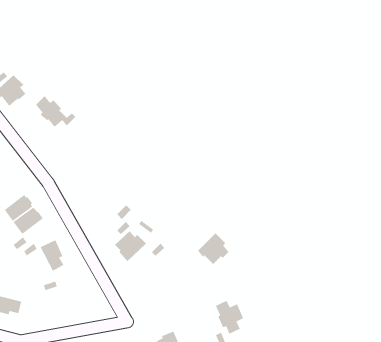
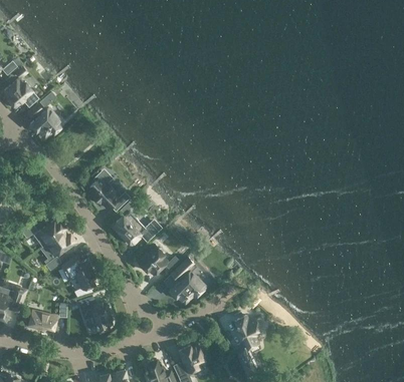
building: [35,95,76,128] -> [89,177,128,208]
building: none -> [115,215,142,244]
building: [197,232,229,265] -> [168,272,198,302]
building: none -> [90,300,112,330]

